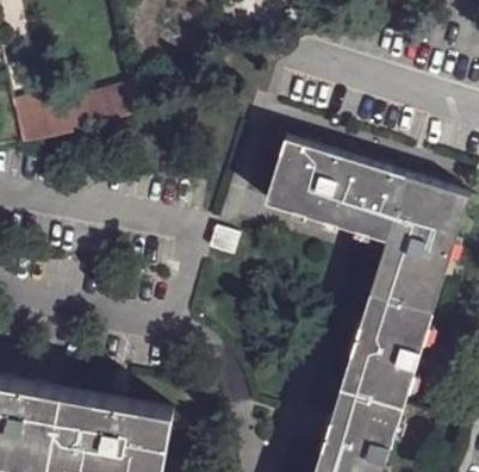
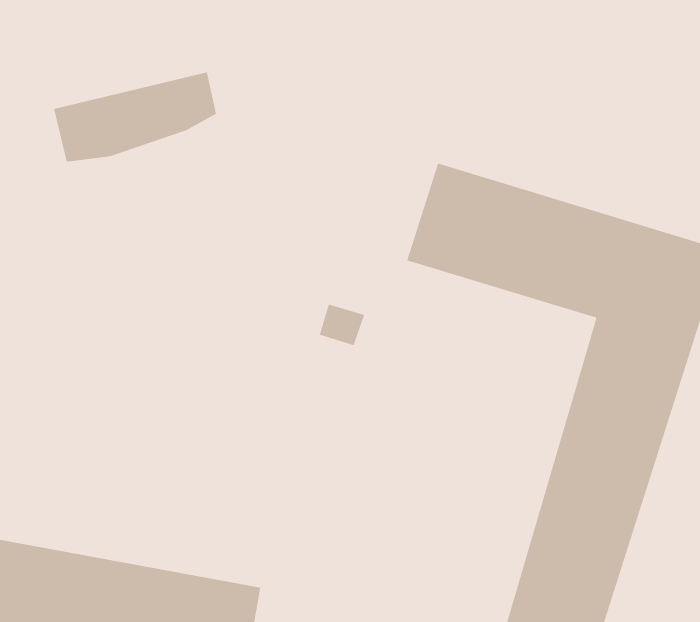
building: [8,94,45,145] -> none

